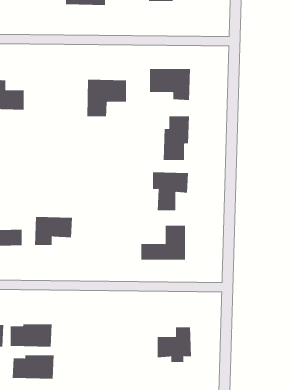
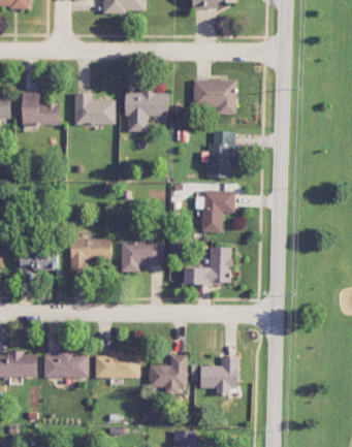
building: none -> [74,93,116,125]
building: none -> [121,243,165,273]
building: none -> [149,355,188,394]
building: [12,355,54,379] -> [95,353,140,379]

